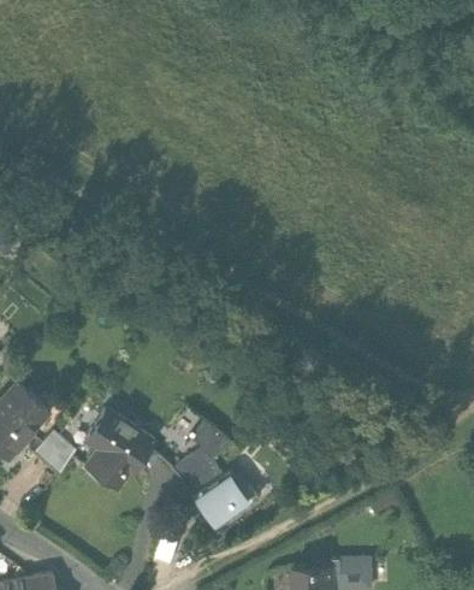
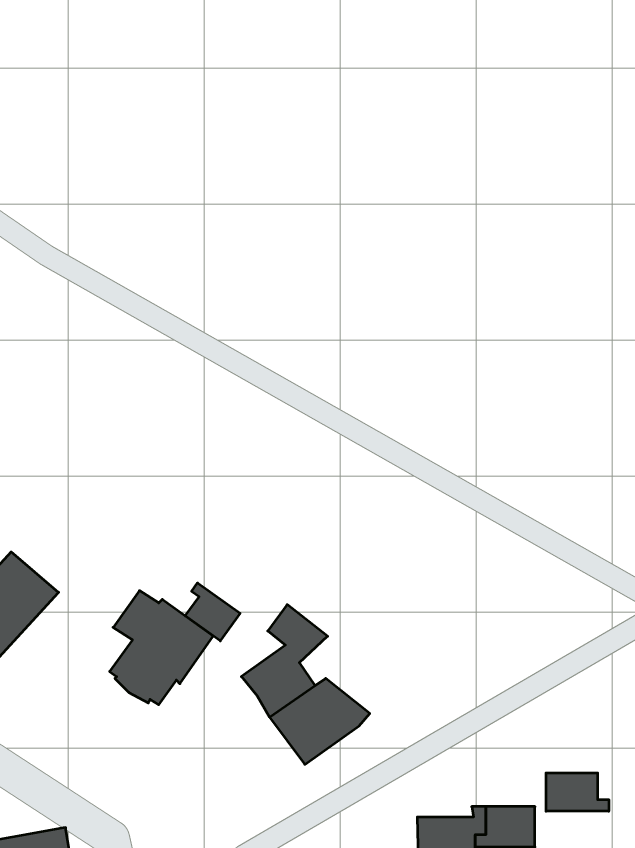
building: none -> [185,583,240,641]
building: [31,431,76,478] -> none
building: none -> [546,773,609,811]

